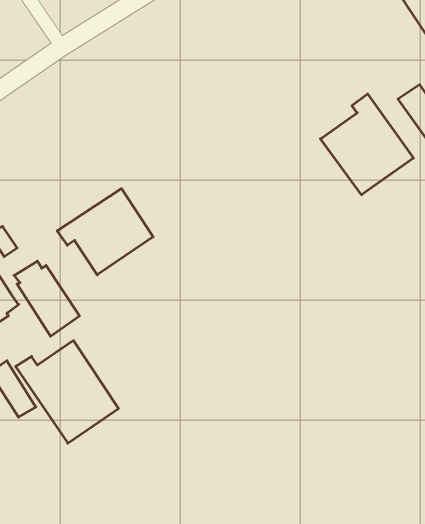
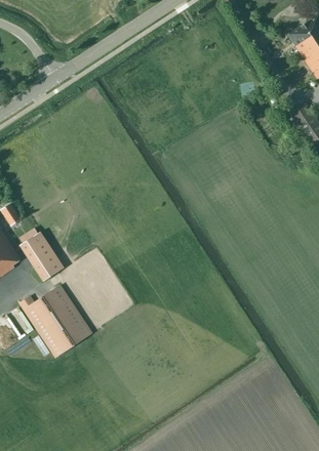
building: [320,94,413,195] -> none
building: [57,189,153,275] -> none

